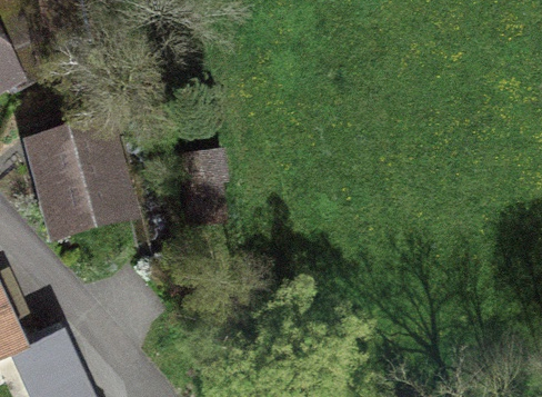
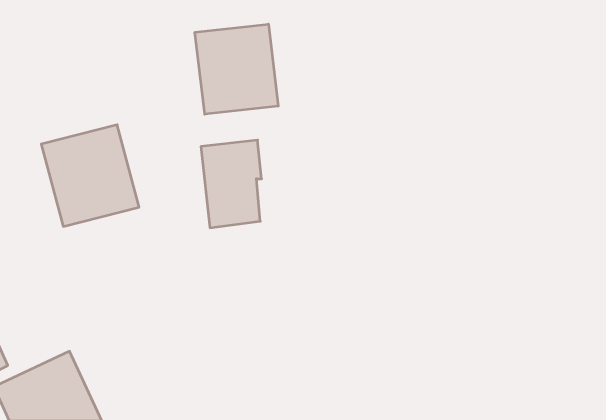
building: none -> [195,24,278,114]

